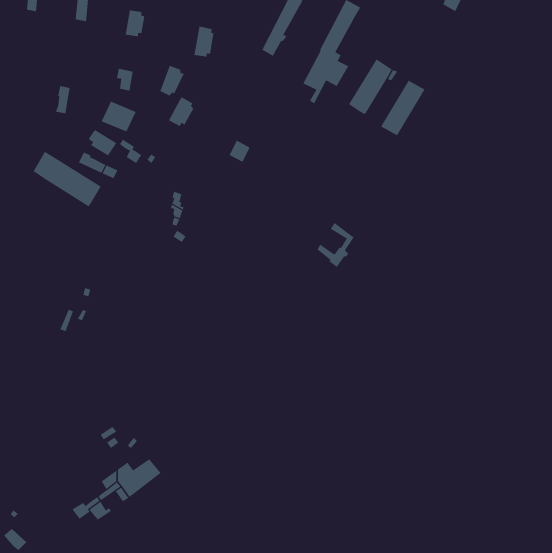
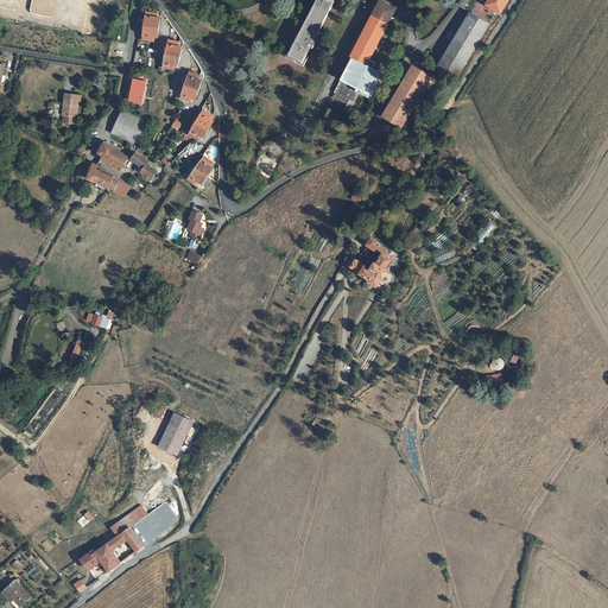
building: [193,26,214,57] -> [158,38,180,72]
building: [380,80,426,136] -> [438,12,488,74]
building: none -> [183,153,213,185]
building: [33,151,101,207] -> none
building: none -> [156,412,190,454]

